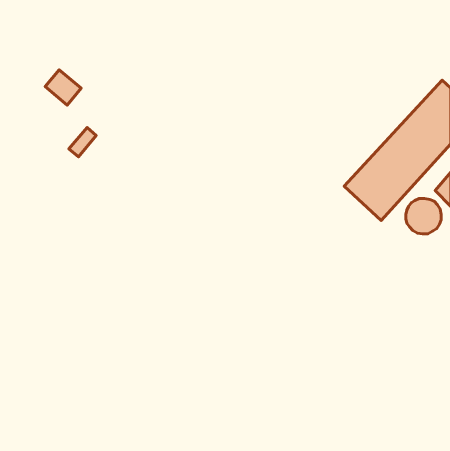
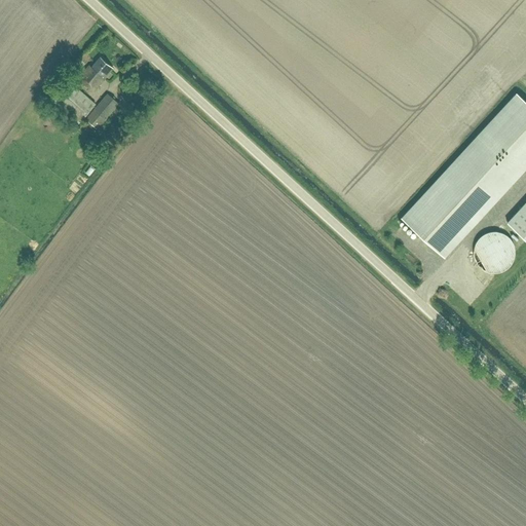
building: none -> [78,57,114,91]
building: [69,128,96,157] -> [86,93,118,127]

